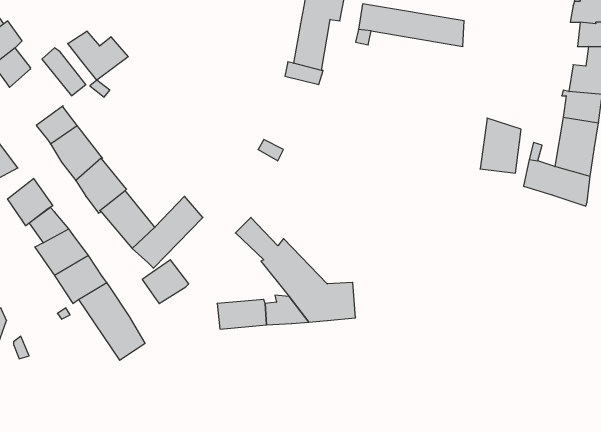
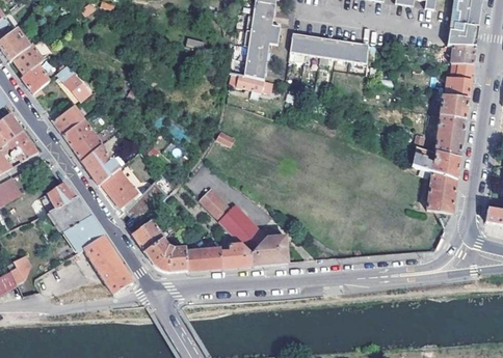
building: [68,31,128,80] -> none
building: [480,118,521,173] -> [426,172,456,213]
building: [7,178,53,226] -> none
building: none -> [142,240,187,272]

